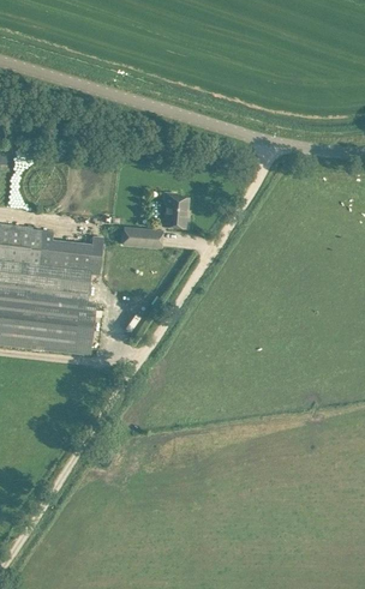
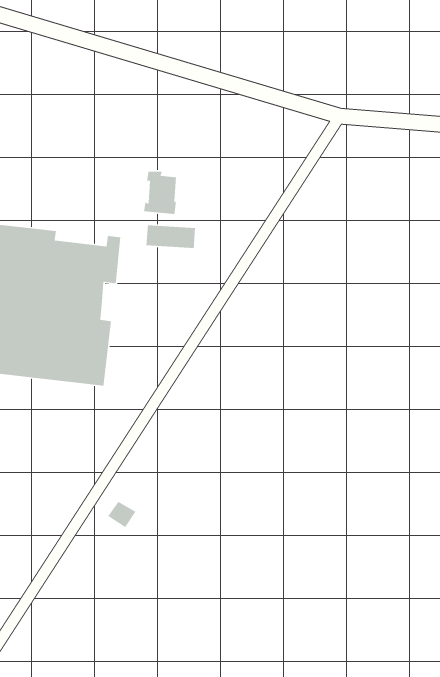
building: [162,192,189,227] -> [143,171,177,215]

